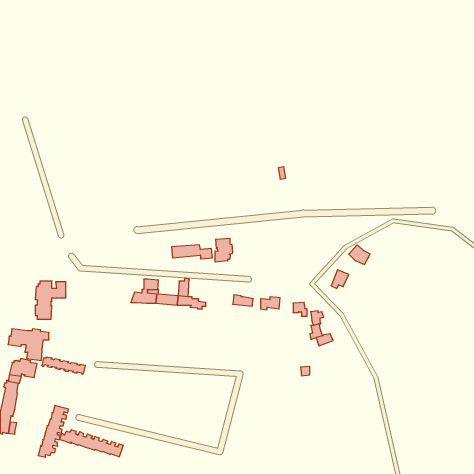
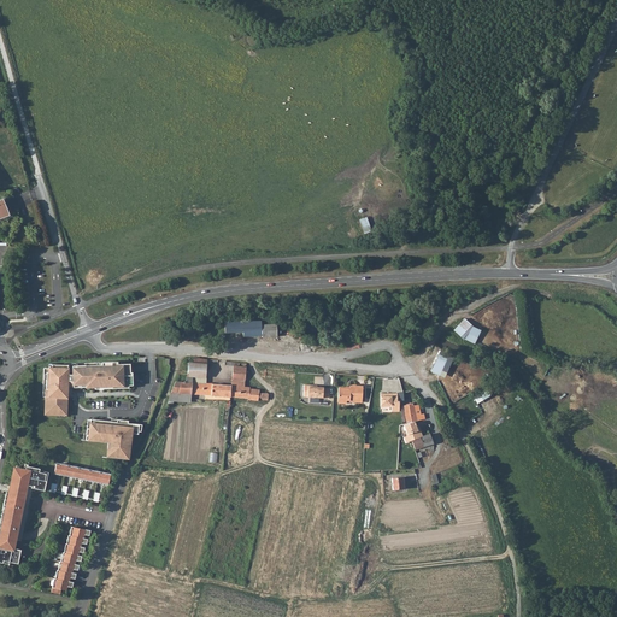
building: [215,238,233,262] -> none
building: none -> [86,362,133,387]
building: [8,329,49,360] -> [86,419,139,460]
building: [59,430,123,457] -> none

